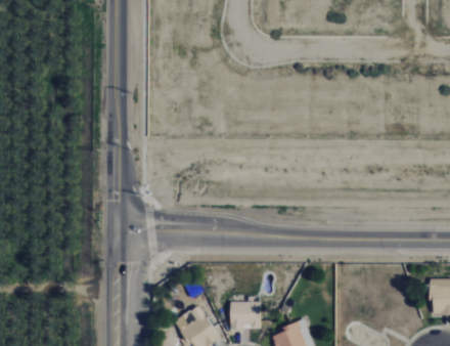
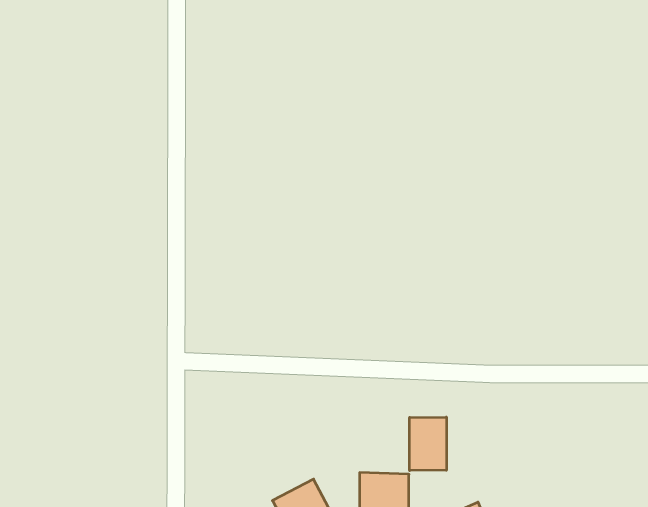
building: none -> [410,417,446,471]

